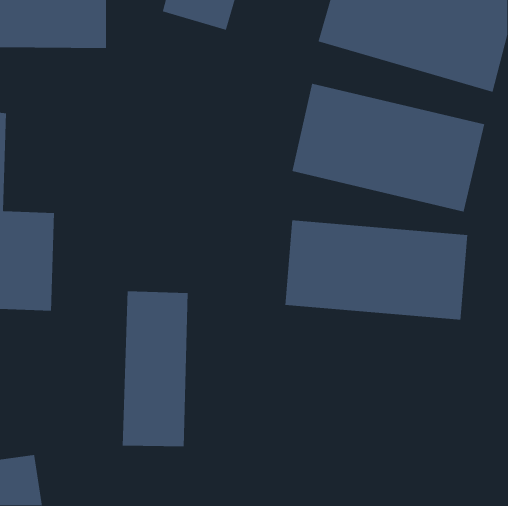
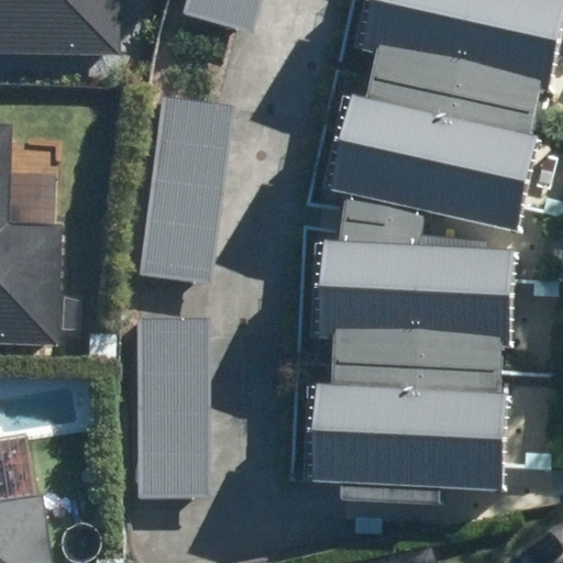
building: none -> [135,84,241,284]
building: none -> [312,384,504,488]

